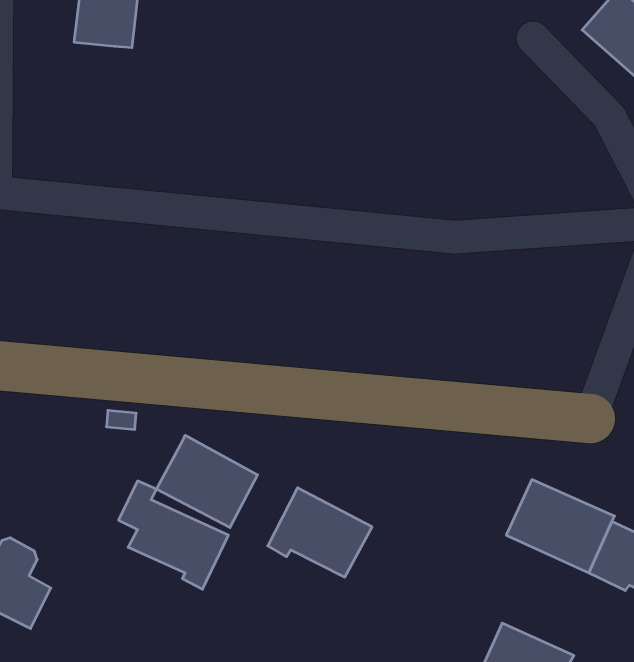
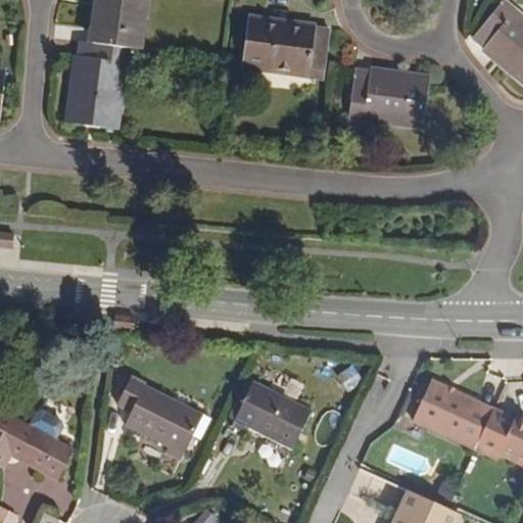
building: none -> [239,22,325,78]
building: none -> [64,43,118,131]
building: none -> [348,75,423,125]
building: [157,435,258,528] -> none

